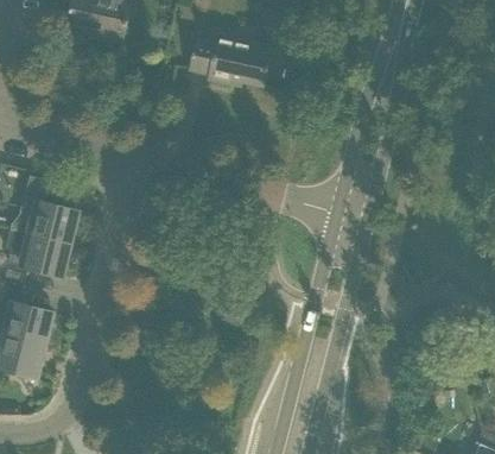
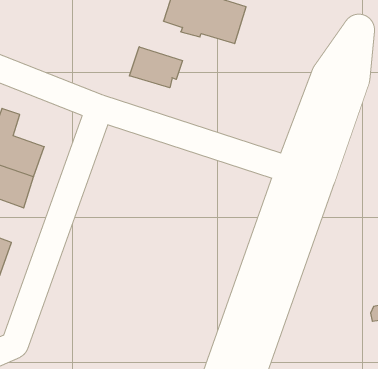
building: none -> [129,47,183,88]

